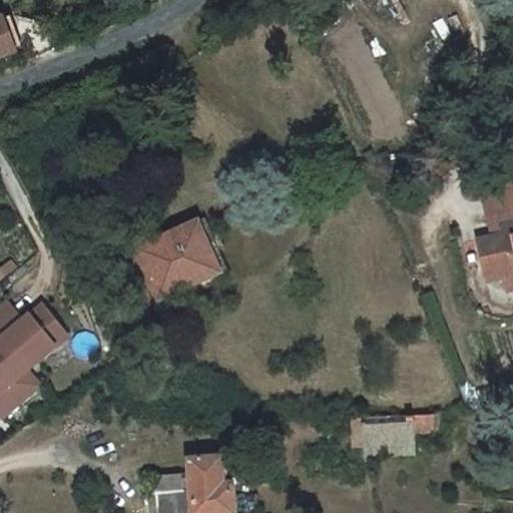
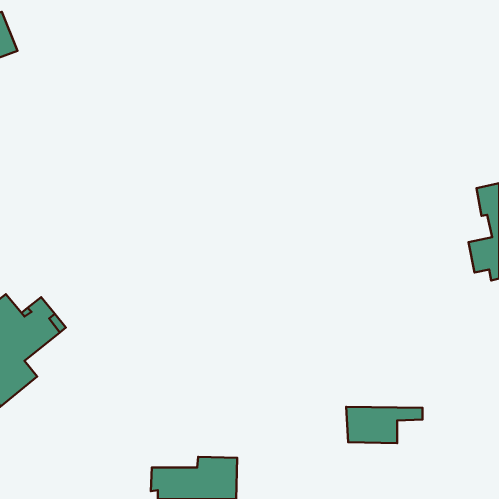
building: [138,224,215,298] -> none

